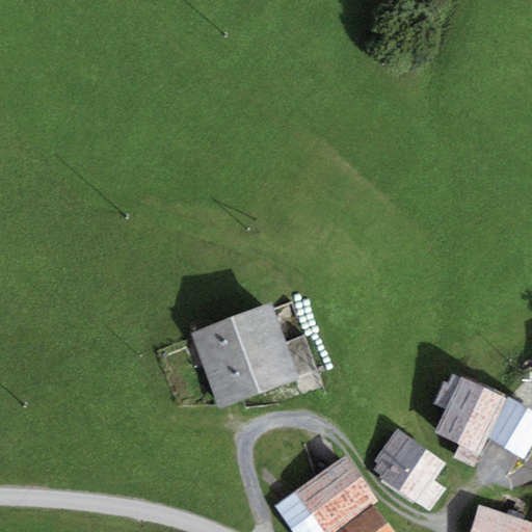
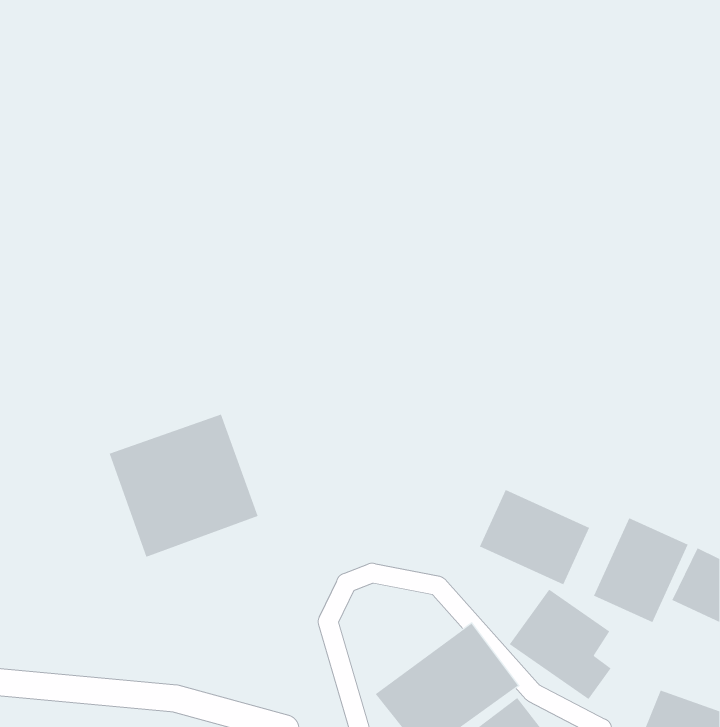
building: [193,301,302,406] -> [109,414,259,558]
building: none -> [479,489,590,585]

